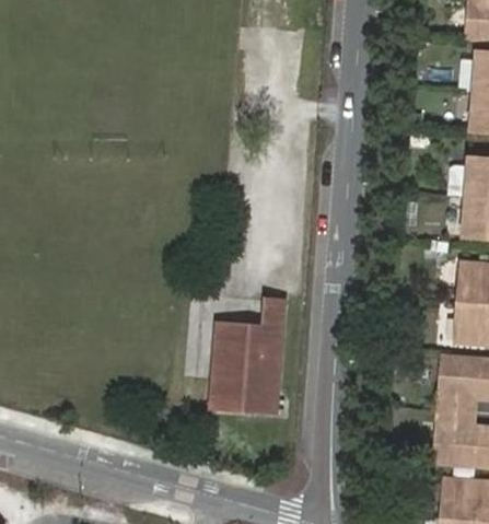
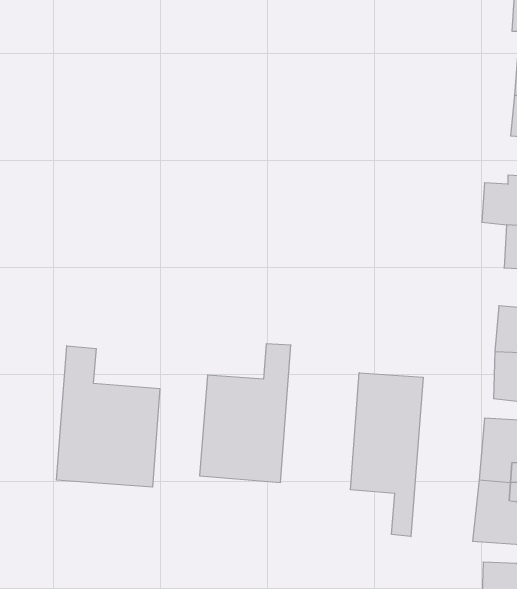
building: none -> [57,346,160,487]
building: none -> [351,373,423,537]

